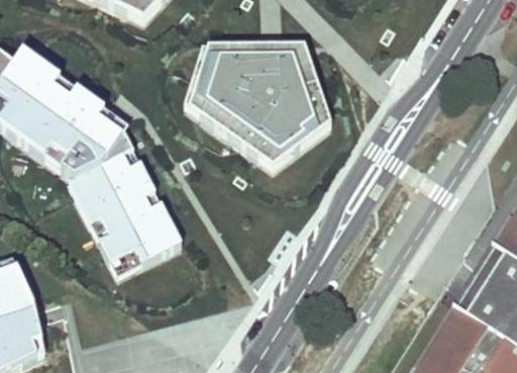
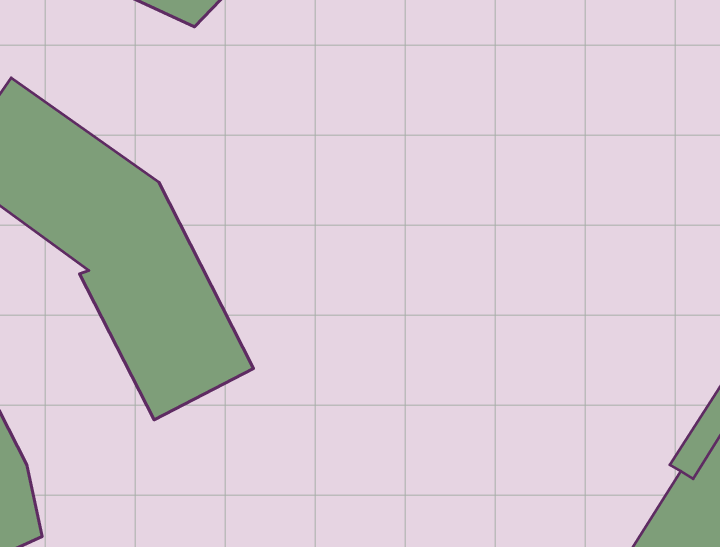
building: [184,42,329,165] -> none

